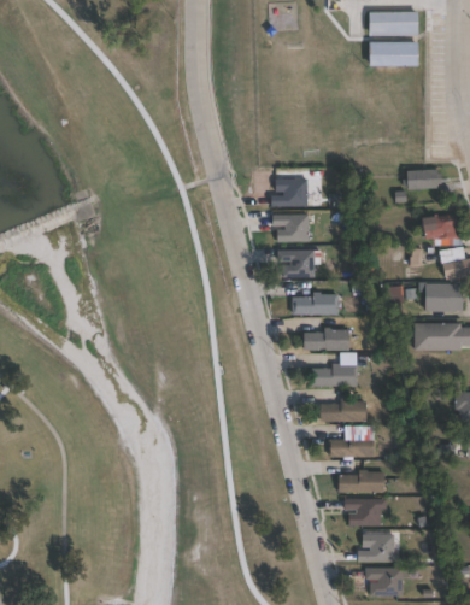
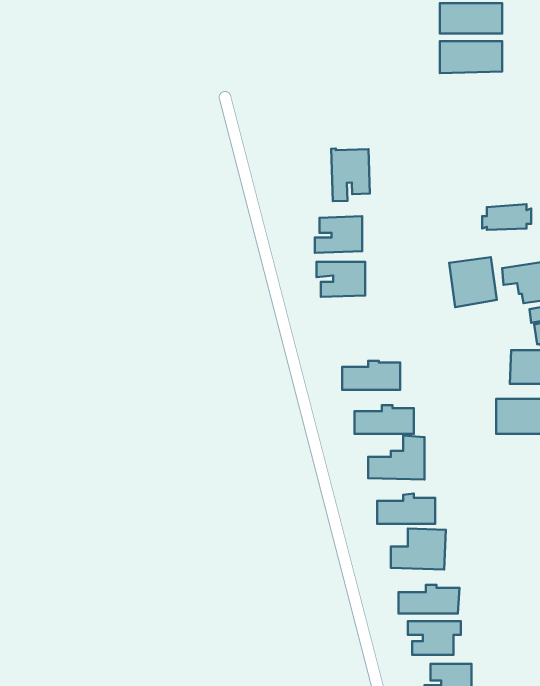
building: none -> [331,149,370,201]
building: none -> [449,257,497,307]
building: [277,251,313,277] -> none

